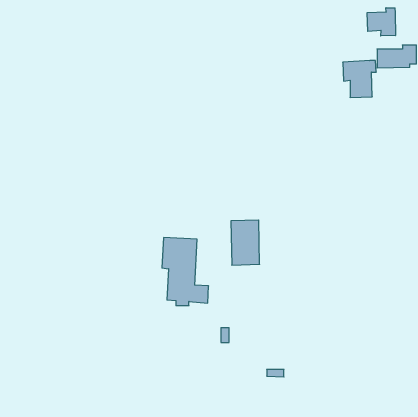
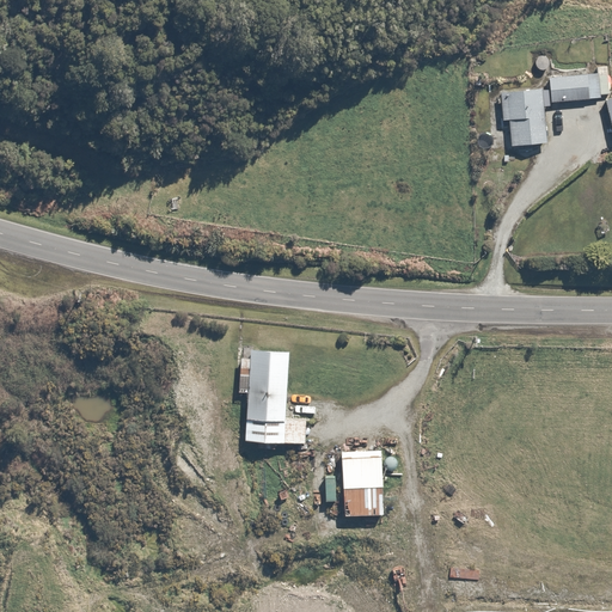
building: [367,8,395,36] -> none
building: [231,220,260,265] -> [341,451,382,516]

